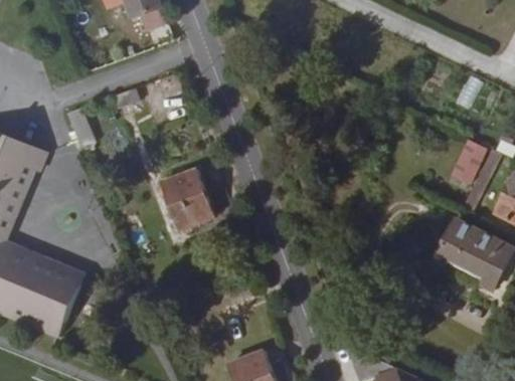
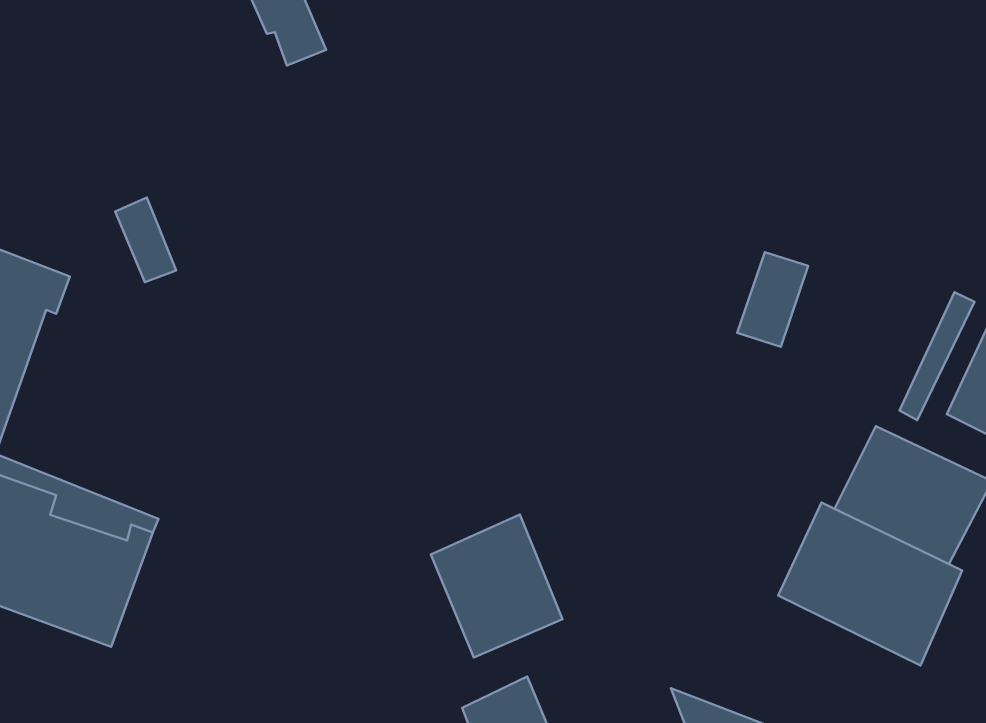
building: [449,135,485,183] -> [737,252,808,347]
building: [170,166,223,228] -> none
building: none -> [778,503,962,665]
building: none -> [431,515,562,657]

